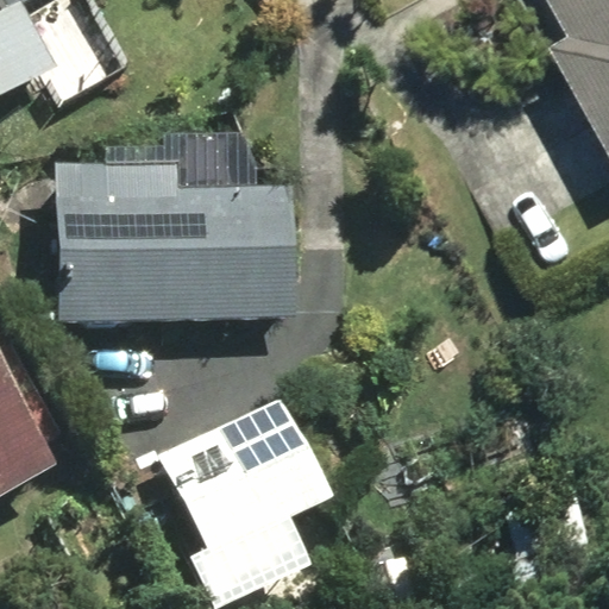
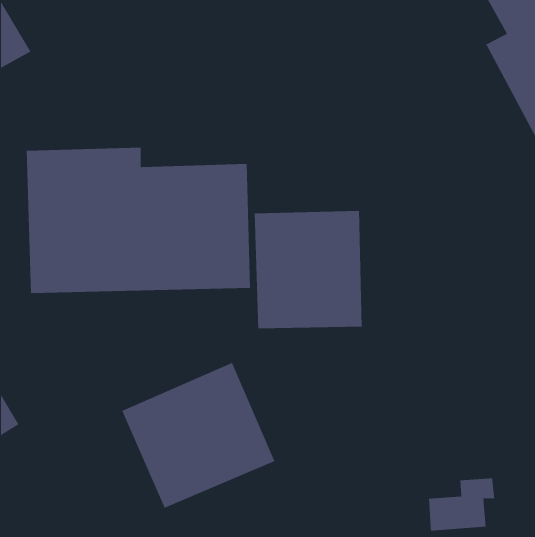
building: none -> [254,210,363,329]

